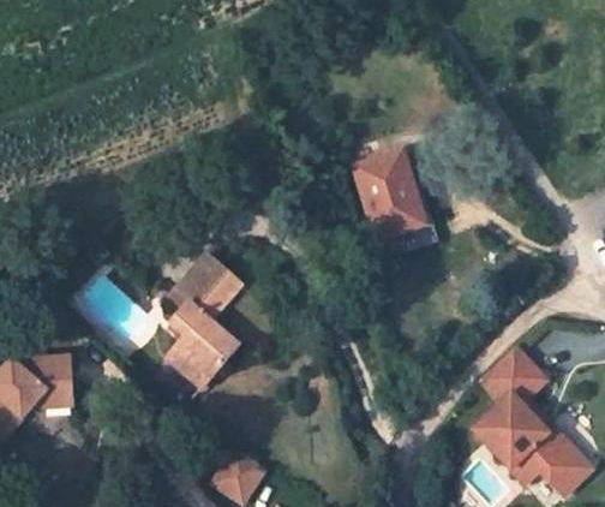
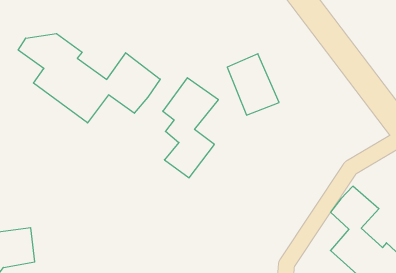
building: none -> [18,34,160,123]
building: [164,251,245,387] -> [163,78,218,178]

